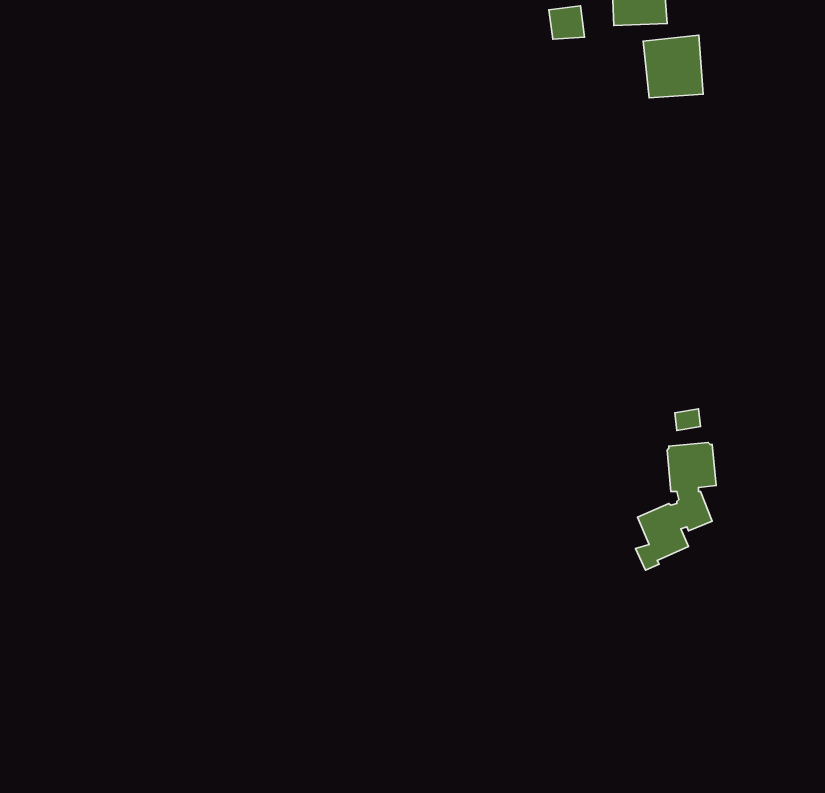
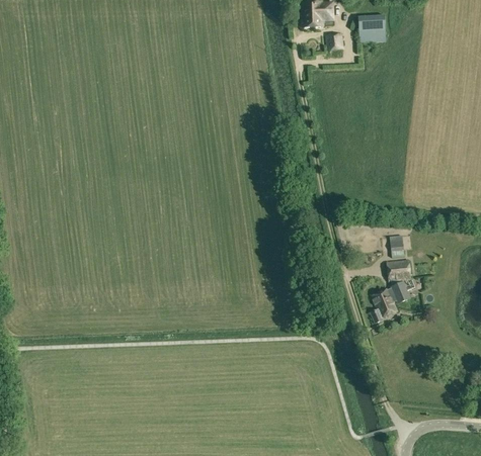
building: [643,35,703,98] -> none

